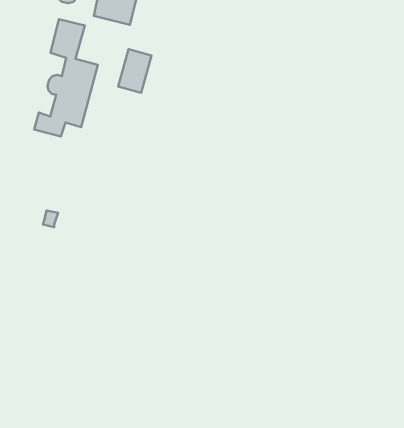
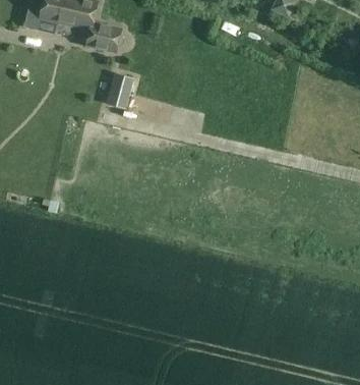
building: [34,19,98,136] -> none

